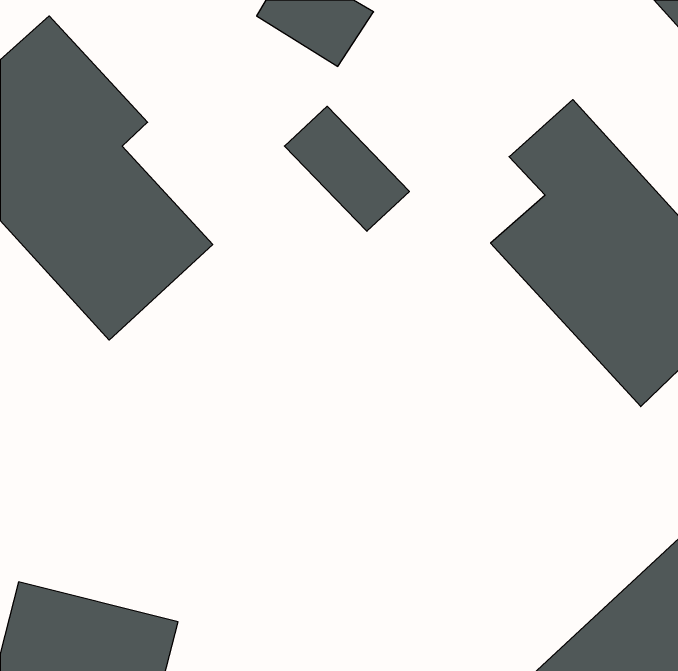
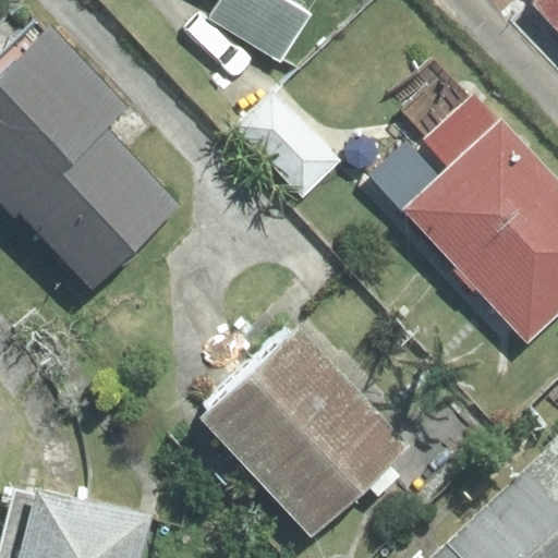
building: none -> [202,332,403,533]

